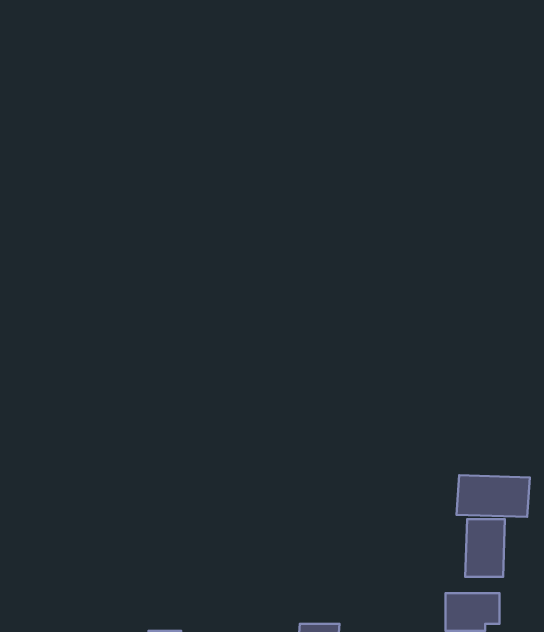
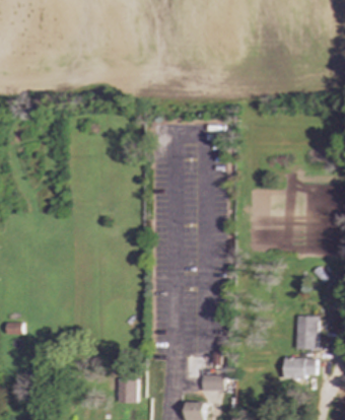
building: [456,475,530,517] -> none

